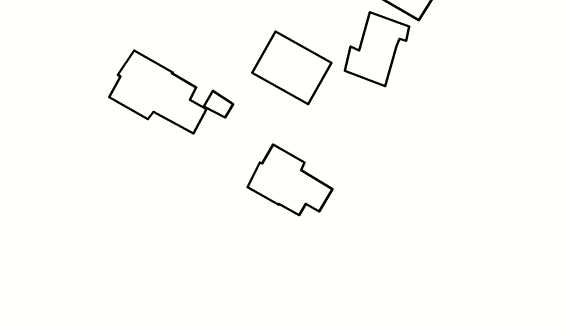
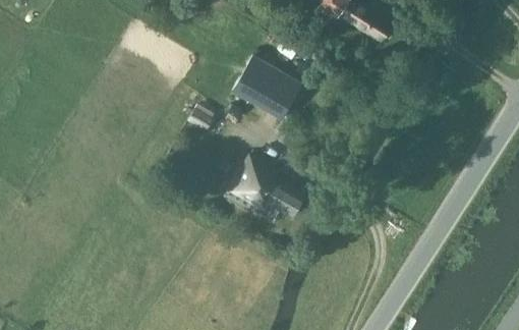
building: [345,12,409,86] -> none
building: [109,50,207,134] -> none

